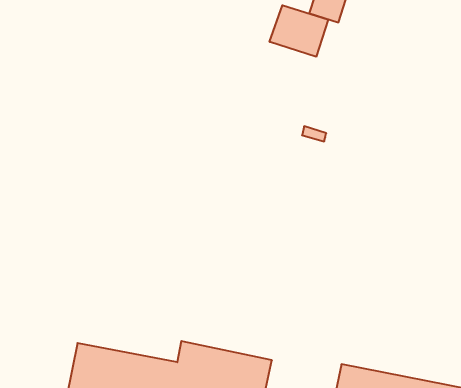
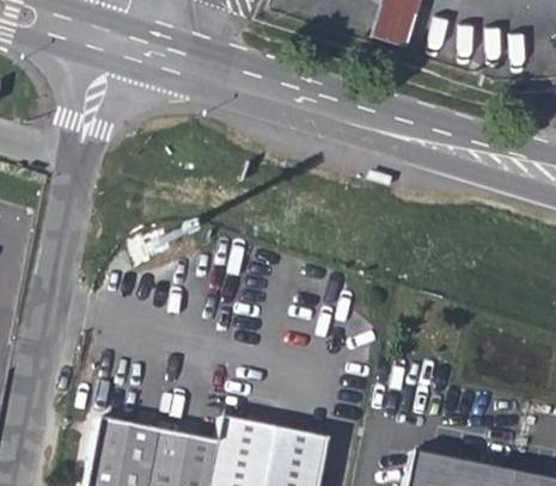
building: [270,5,328,57] -> none

